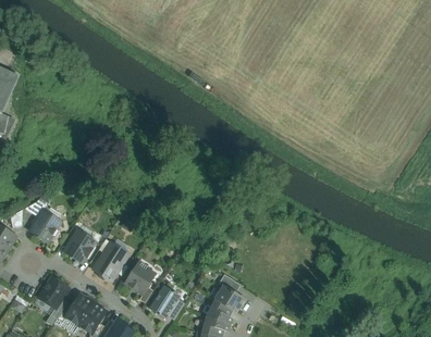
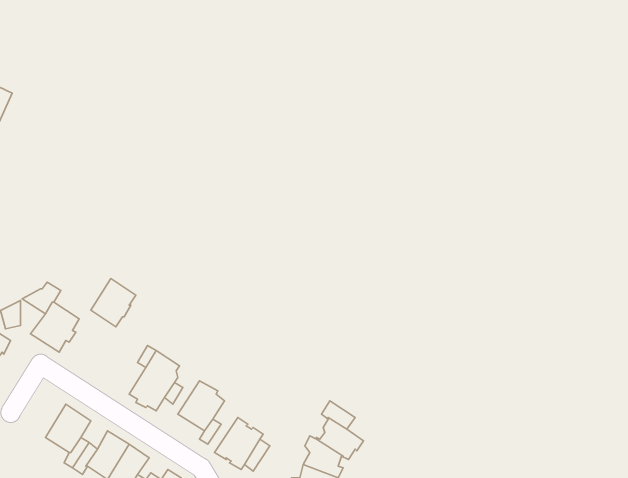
building: [64,230,94,262] -> [91,278,136,327]

